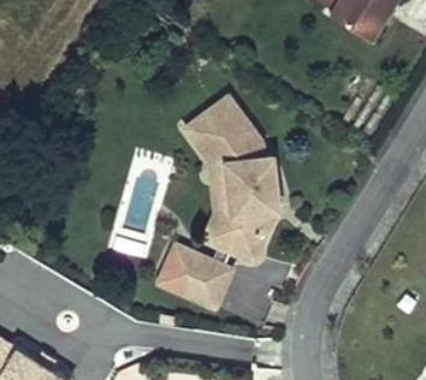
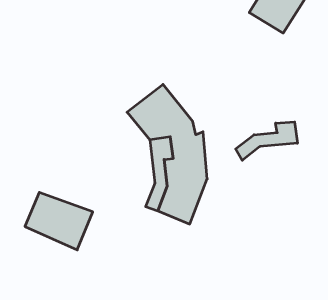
building: none -> [236,122,297,160]
building: [156,239,236,307] -> [25,192,93,250]

